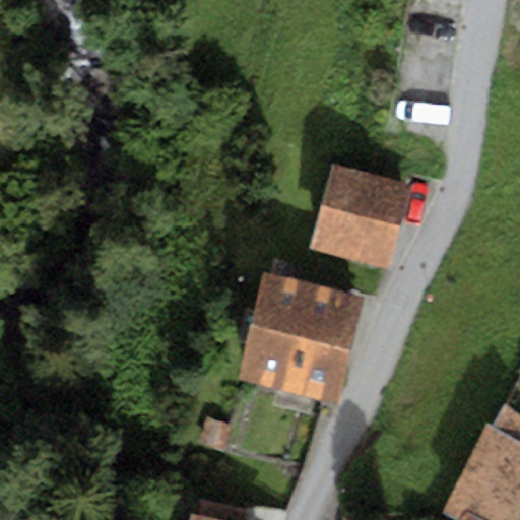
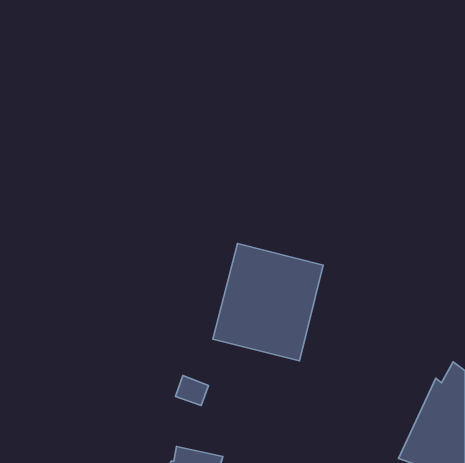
building: [309,162,410,268] -> none

